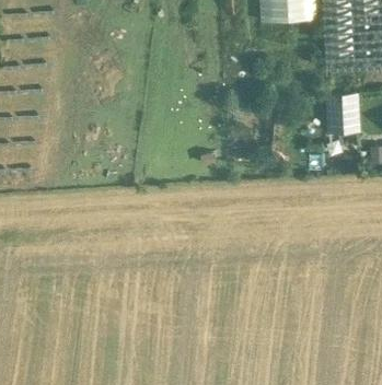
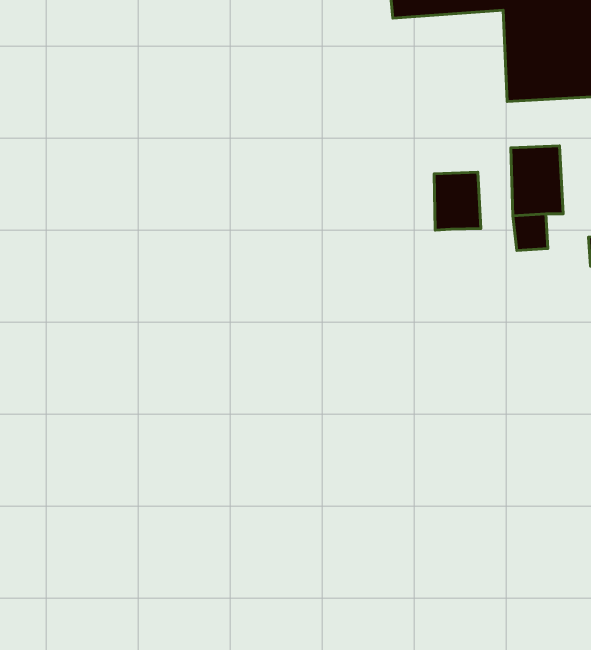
building: none -> [434,172,481,230]

